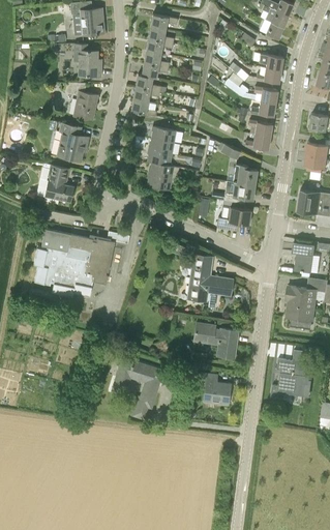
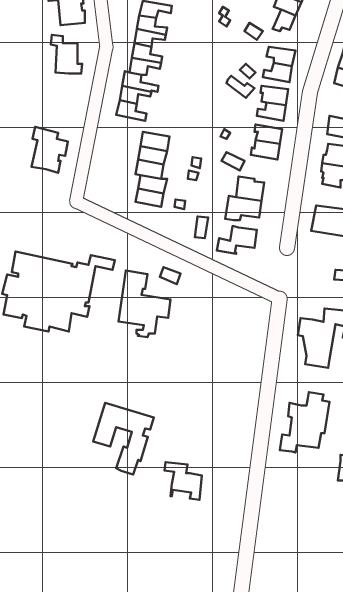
building: [65,83,97,119] -> none
building: [42,163,74,203] -> none
building: [293,243,313,272] -> none
building: [187,255,232,312] -> [118,271,171,337]
building: [193,323,237,358] -> none
building: [198,373,230,405] -> [164,462,202,500]

